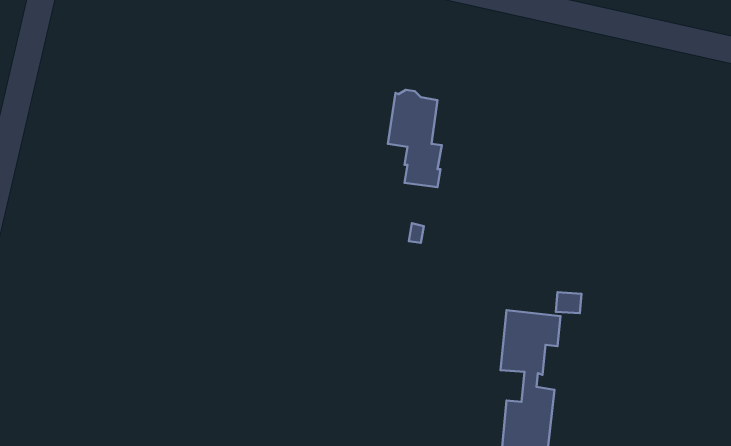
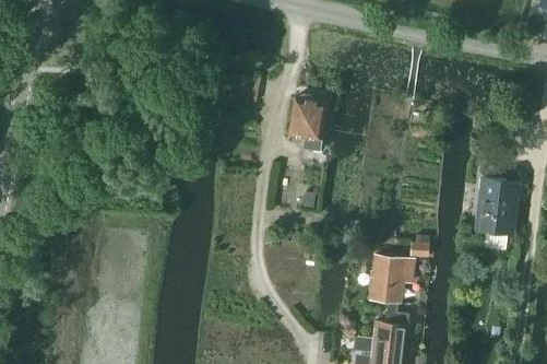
building: none -> [475,177,516,233]

